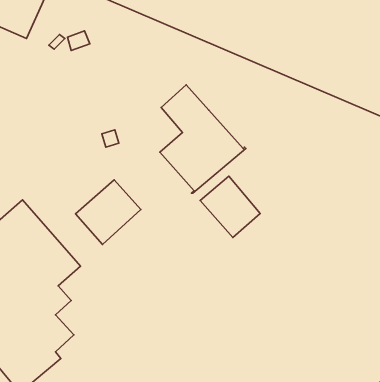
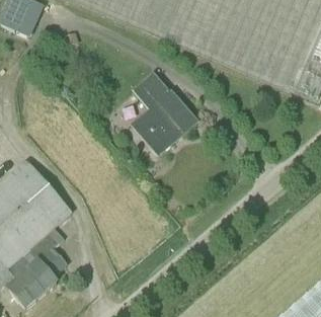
building: [200,176,260,238] -> none
building: [75,180,141,245] -> none

